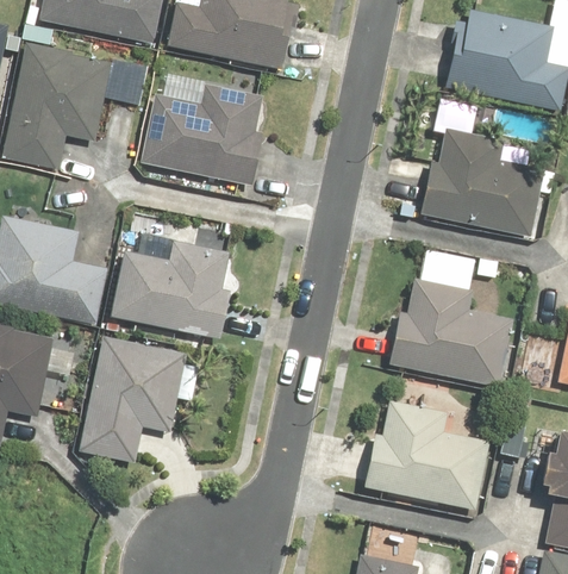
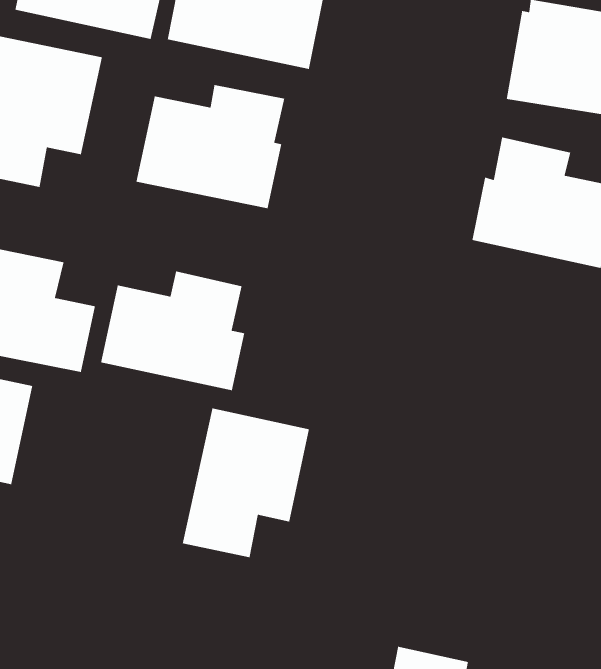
building: [388,279,512,386] -> none
building: [79,336,186,462] -> [182,407,310,558]
building: [363,399,488,510] -> none

